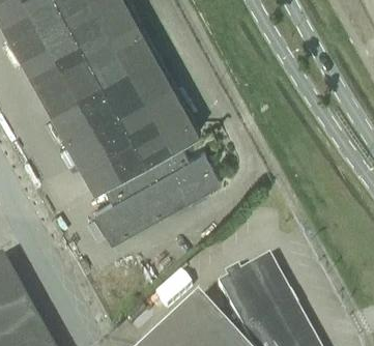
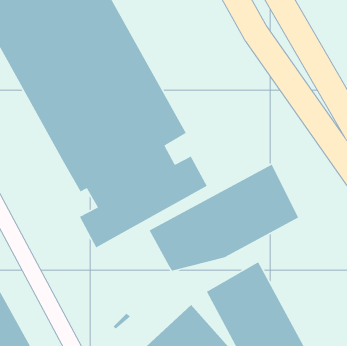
building: none -> [149,164,299,272]

